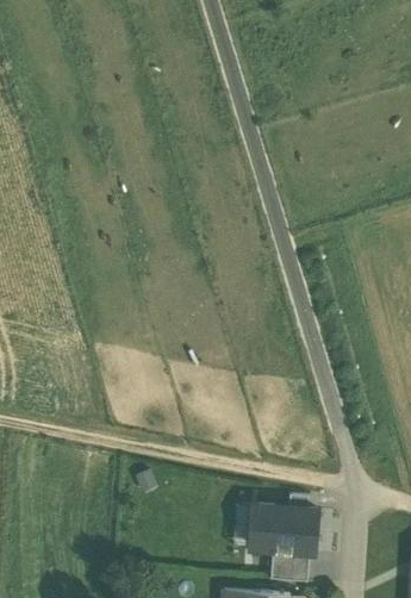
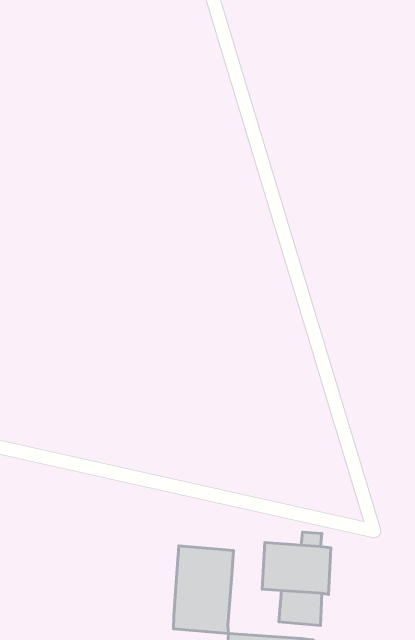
building: none -> [174,546,233,633]

